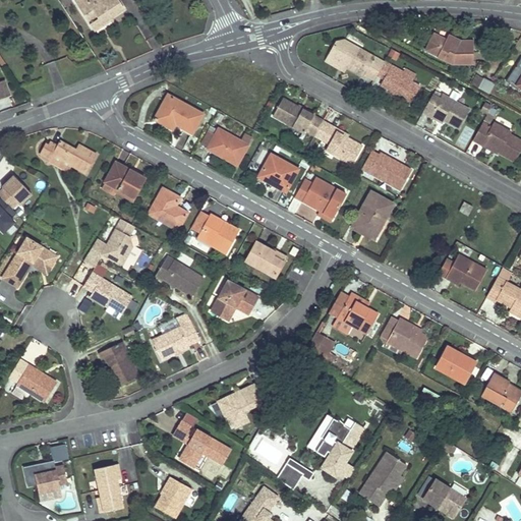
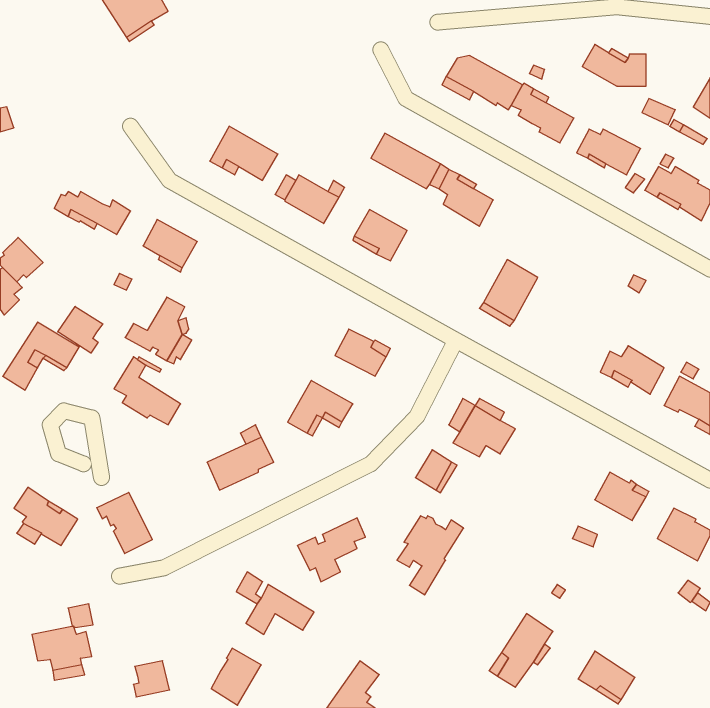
building: [361,150,411,188] -> none
building: [295,176,346,221] -> none
building: [149,187,187,229] -> none
building: [197,214,238,252] -> none
building: none -> [58,306,103,353]
building: [155,254,205,296] -> none
building: [381,315,428,357] -> none
building: [99,340,139,385] -> [97,492,152,554]
building: [314,417,363,475] -> [397,516,464,595]
building: [276,455,313,487] -> none
building: [95,462,121,488] -> none

